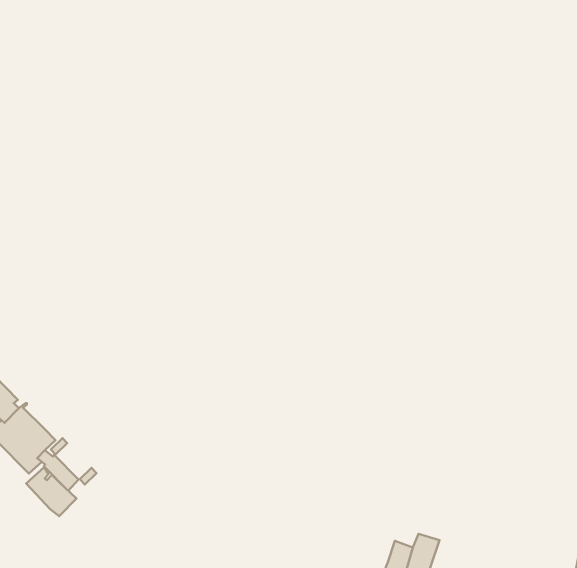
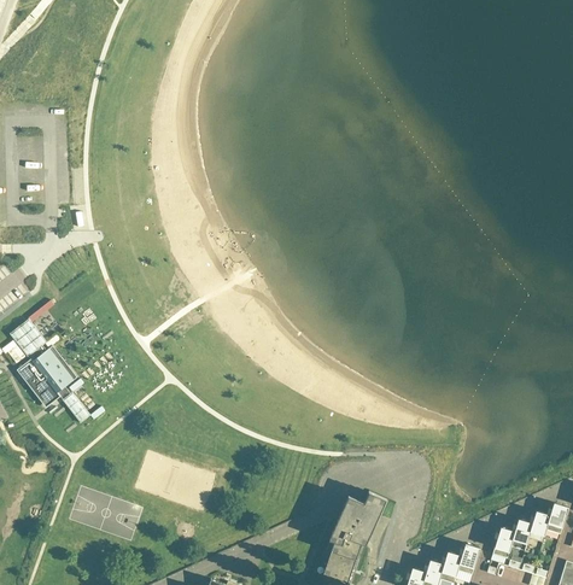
building: [26,467,77,516] -> none

